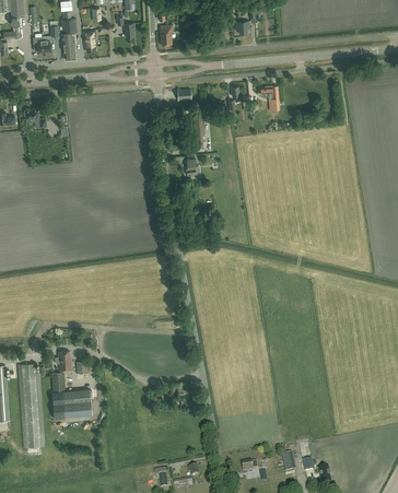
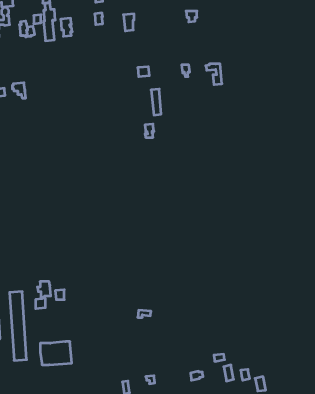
building: [54,390,92,419] -> [40,342,72,365]

